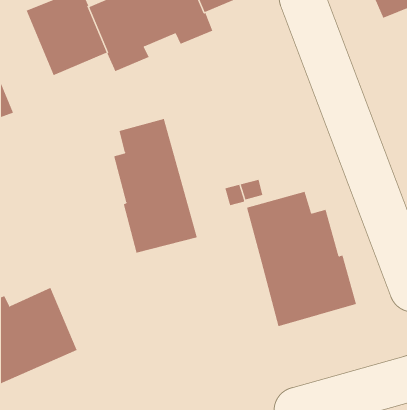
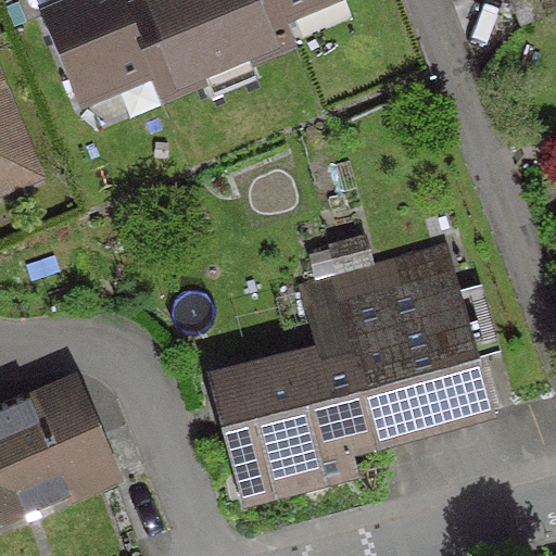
building: [113,118,198,253] -> none
building: none -> [222,353,381,498]

